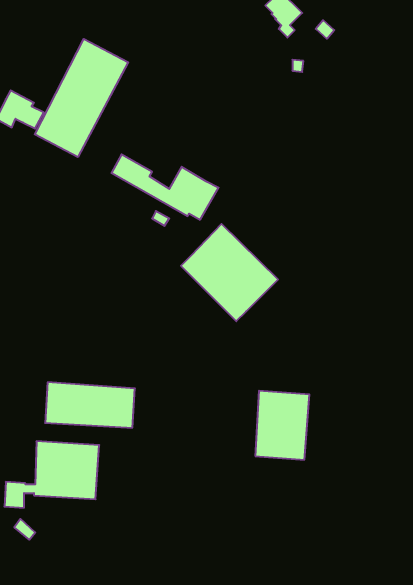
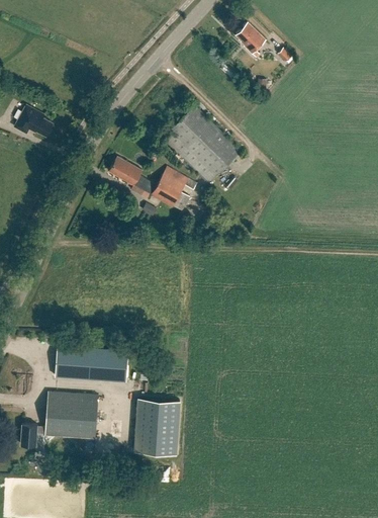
building: [35,39,128,157] -> none
building: [181,224,278,321] -> [162,104,242,184]
building: [255,391,309,460] -> [135,398,180,454]

